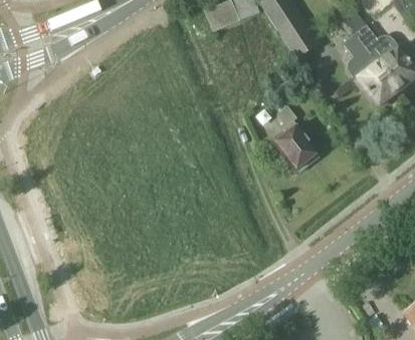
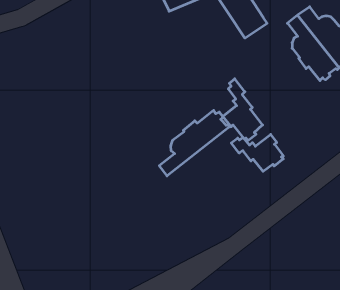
building: none -> [159,110,230,176]
building: none -> [231,134,283,171]

